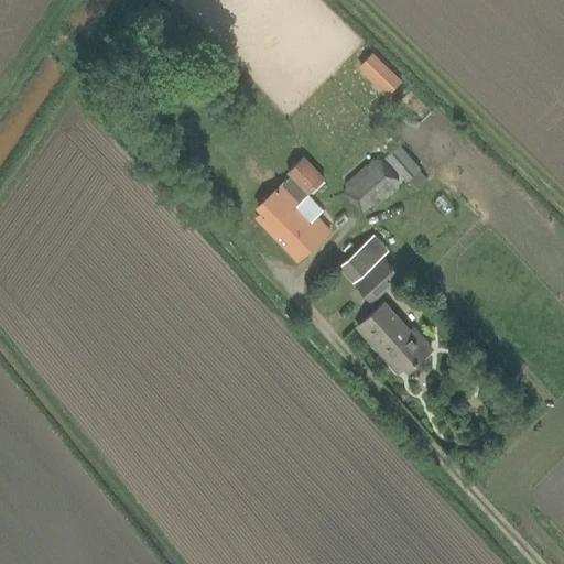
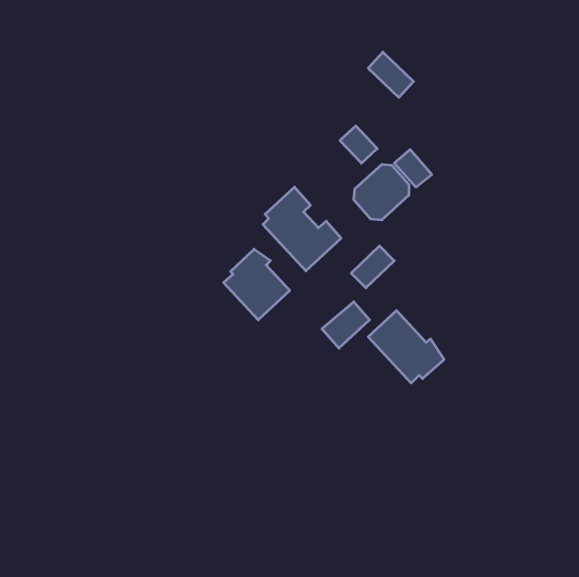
building: [286,158,323,194] -> [340,126,377,163]
building: none -> [224,249,290,320]
building: [355,258,401,303] -> [322,302,370,348]

